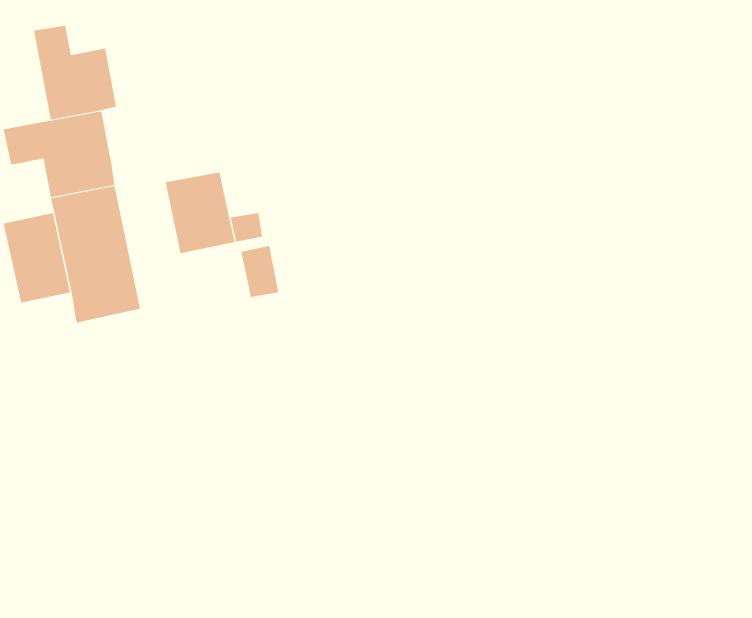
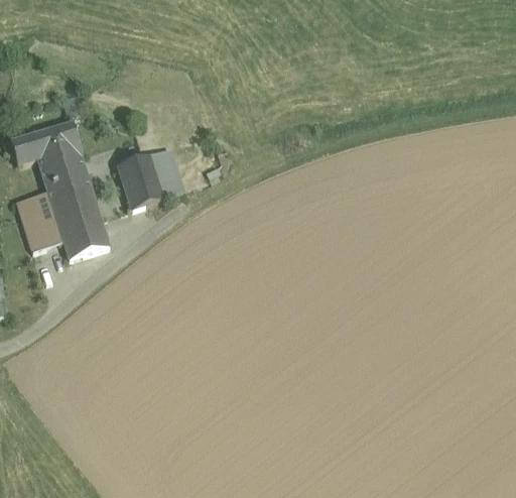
building: [34,25,116,120] -> none
building: [240,245,279,298] -> [150,147,177,181]

